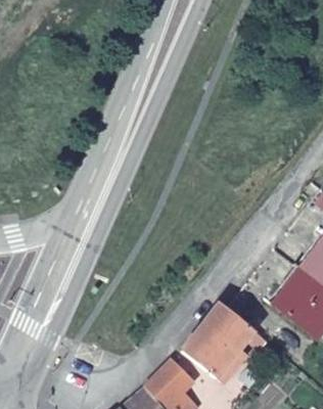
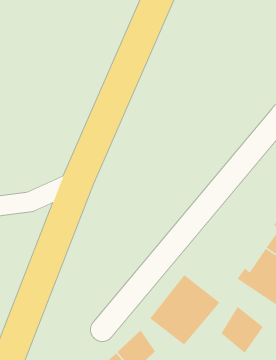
building: none -> [220,306,264,354]

